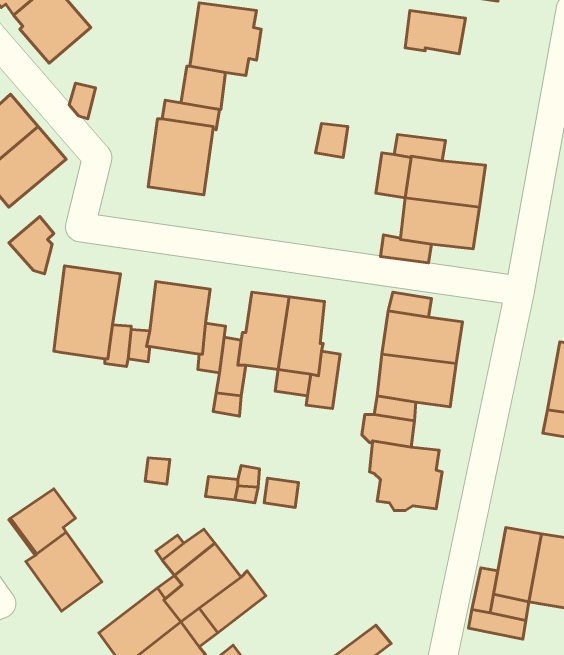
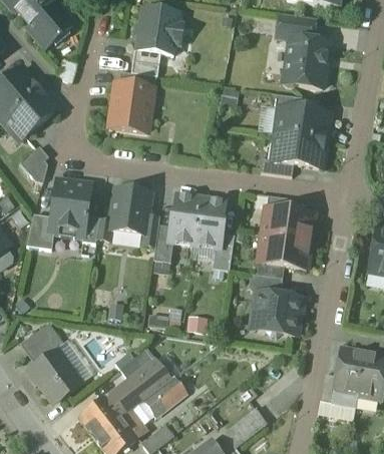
building: none -> [281,36,328,87]
building: none -> [26,213,53,249]
building: none -> [54,337,93,382]

